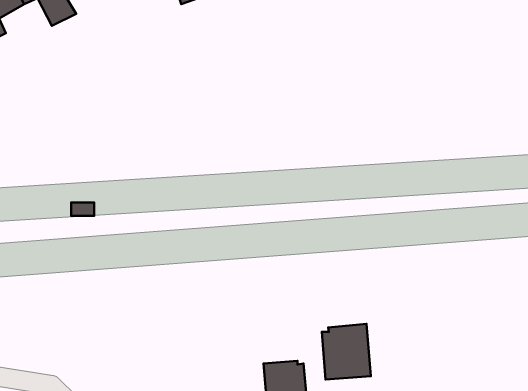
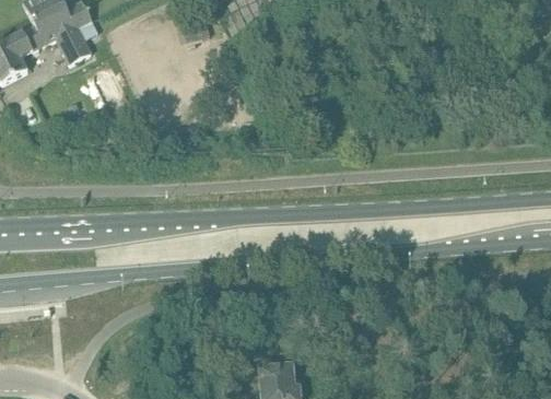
building: [322,324,371,380] -> none

